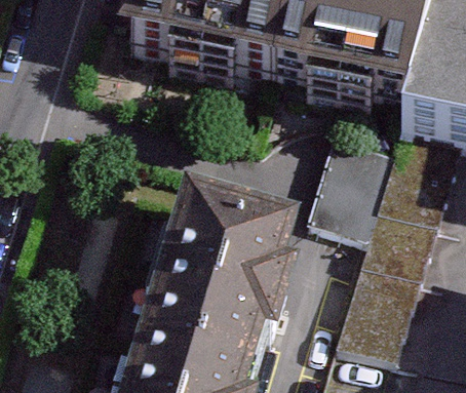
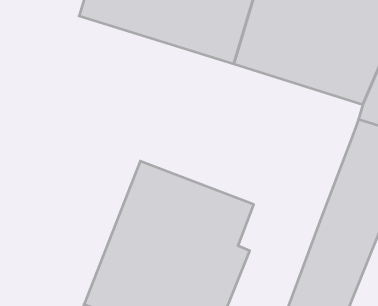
building: [312,136,393,239] -> none

